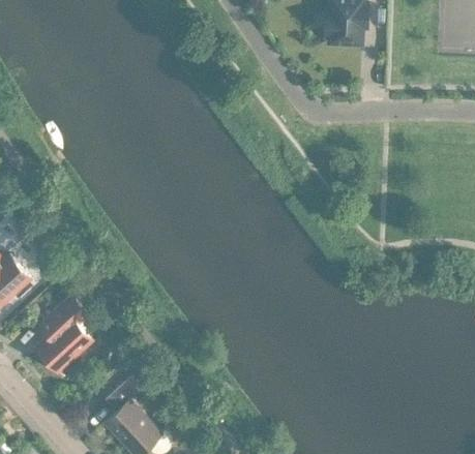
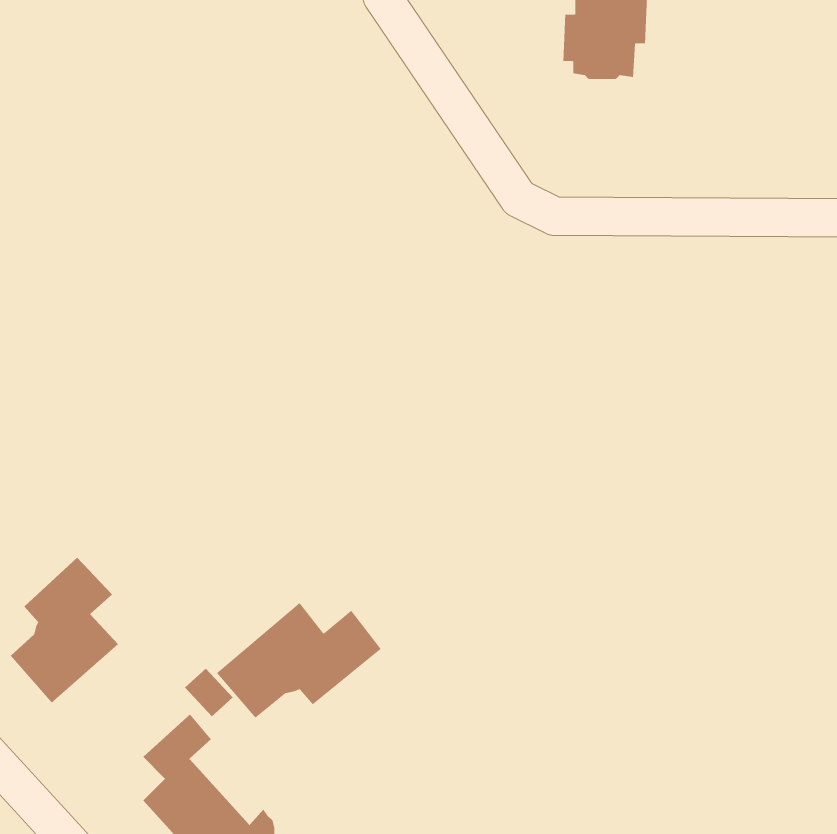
building: none -> [216,602,381,719]

